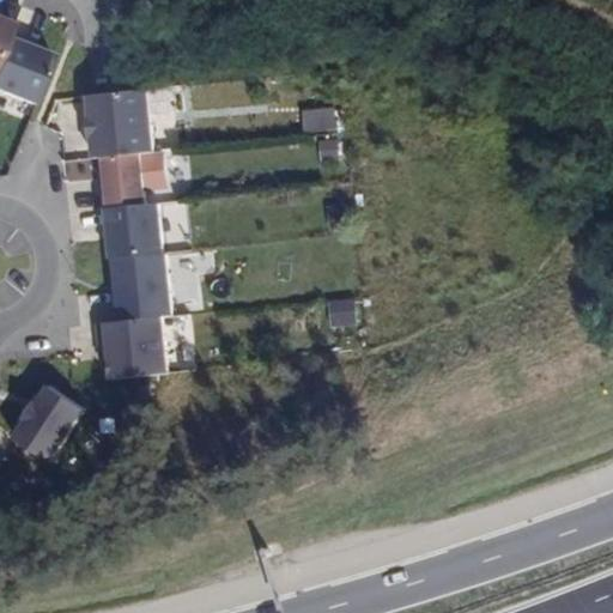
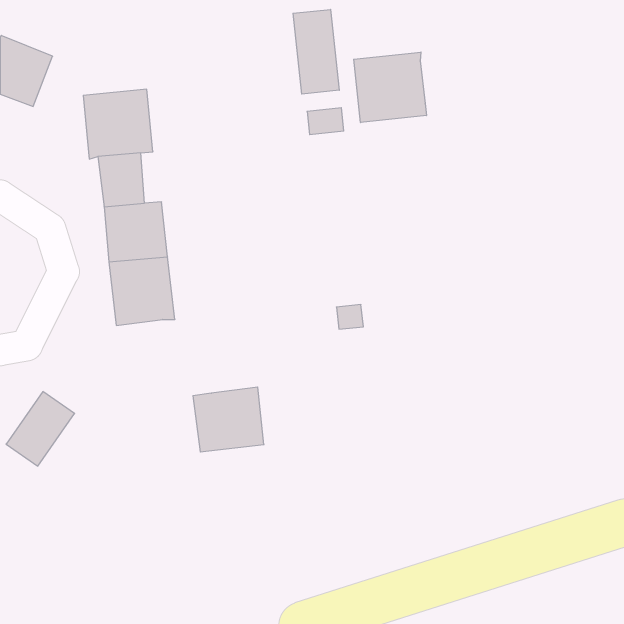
building: none -> [293,9,339,94]
building: none -> [354,52,426,123]
building: [97,314,166,377] -> [193,387,264,452]

